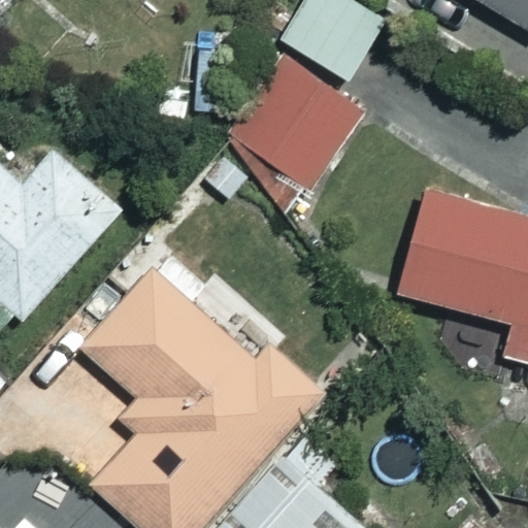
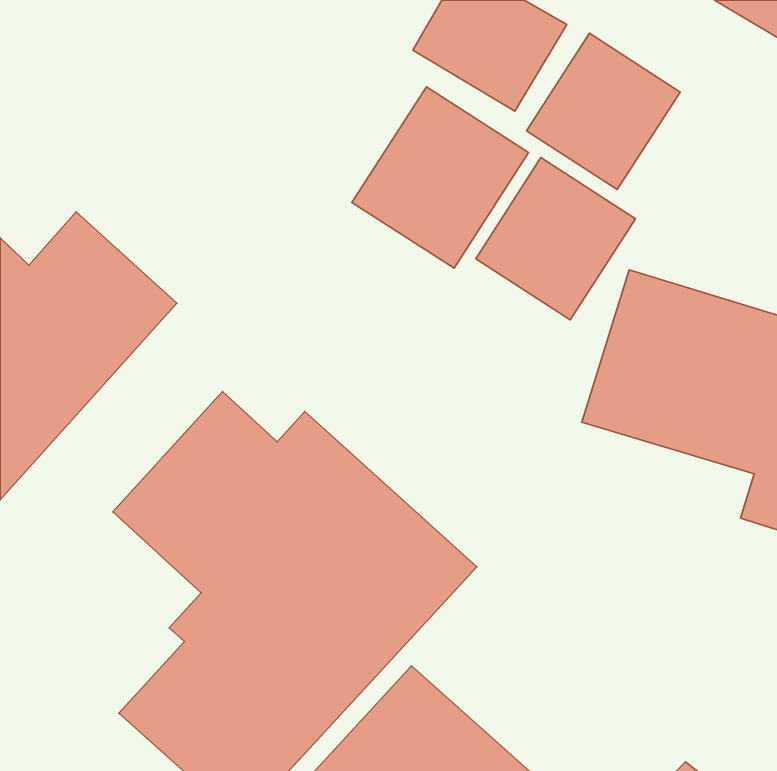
building: none -> [526,33,680,190]
building: none -> [476,158,635,320]

